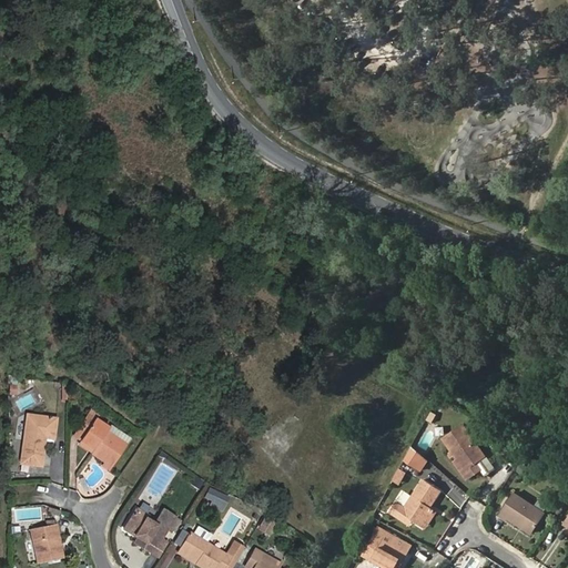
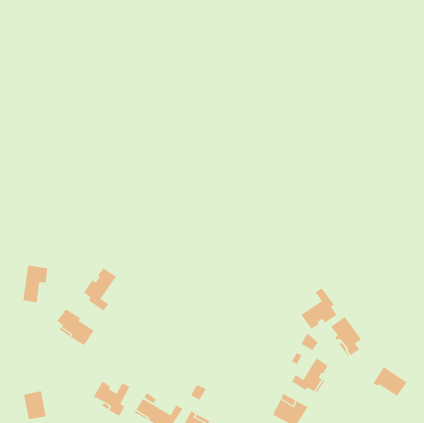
building: none -> [83,267,117,311]
building: none -> [301,288,337,330]
building: [21,414,55,465] -> [22,265,48,303]

